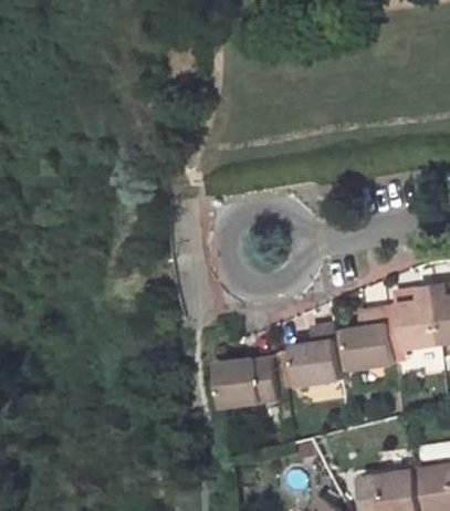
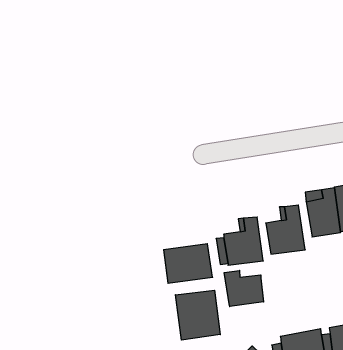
building: none -> [224,270,264,307]
building: none -> [175,290,220,340]

